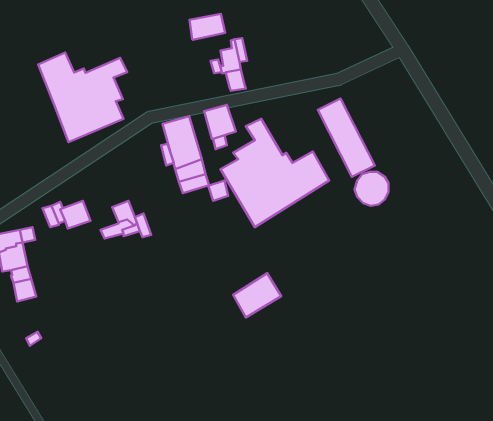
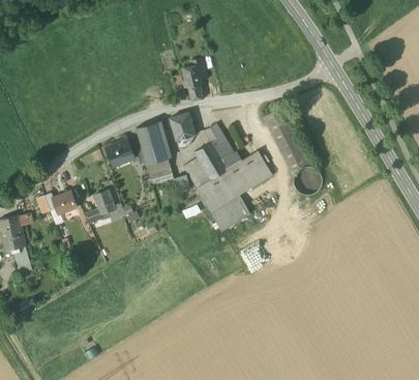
building: [189,14,225,40] -> none
building: [38,52,127,142] -> none
building: none -> [106,139,134,163]
building: [233,273,281,317] -> [211,195,250,231]

